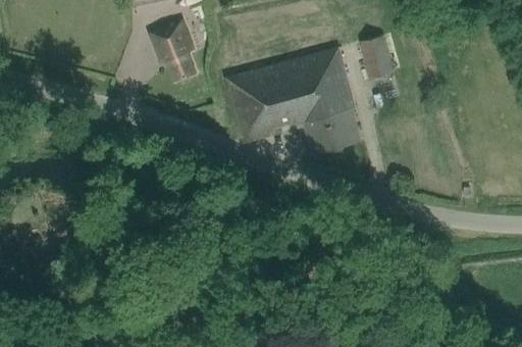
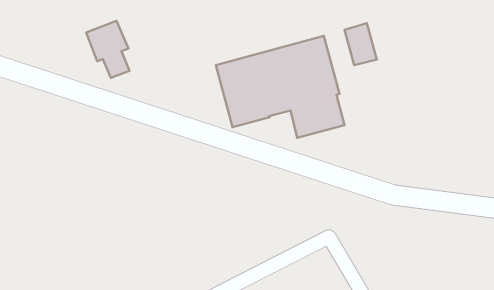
building: [150,20,195,80] -> [86,21,129,78]

